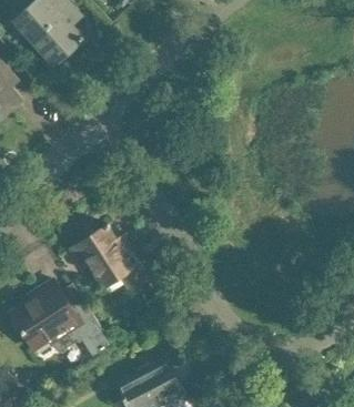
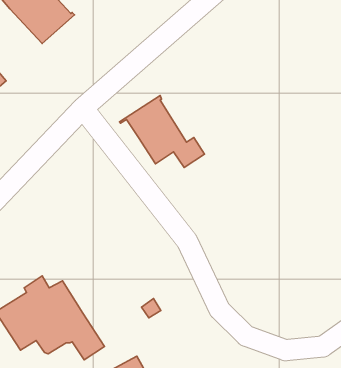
building: [71,225,150,292] -> [119,95,205,167]

